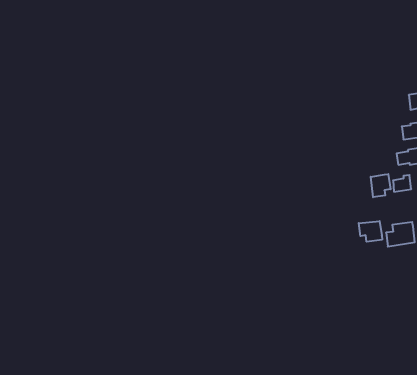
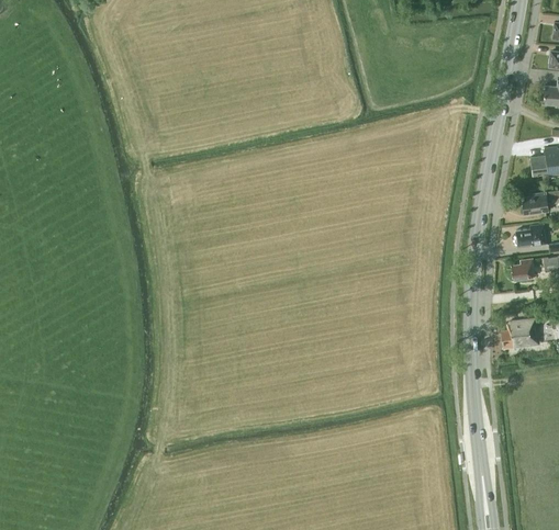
building: [371,174,391,197] -> none
building: [359,221,382,242] -> none

